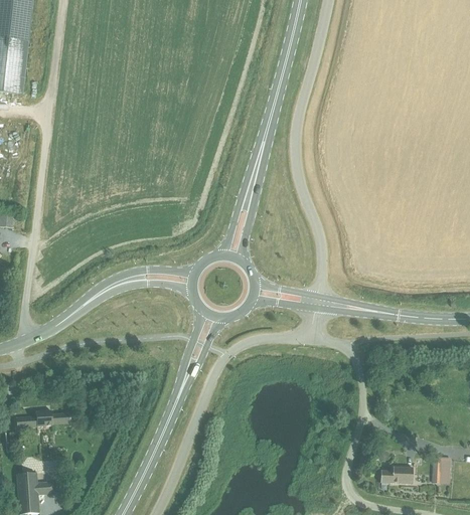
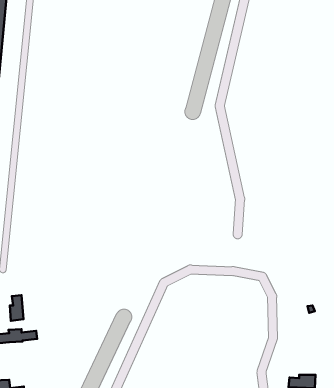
building: none -> [10,295,23,321]

